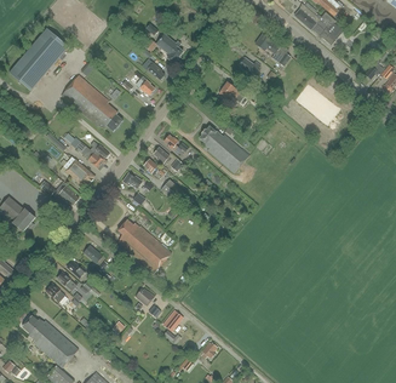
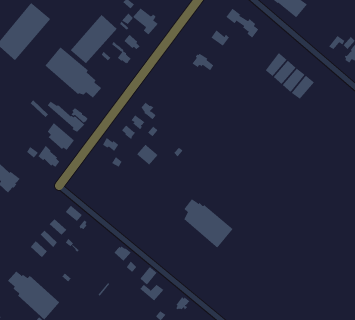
building: none -> [70,14,118,64]
building: [199,125,248,171] -> none
building: [117,218,171,271] -> [184,199,233,248]

